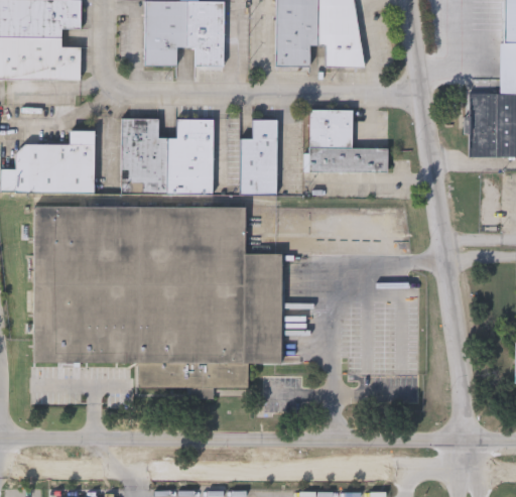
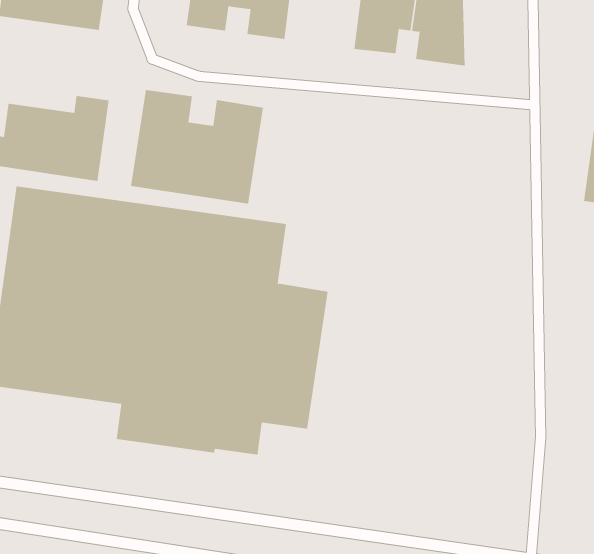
building: [309,110,388,172] -> none
building: [240,121,277,197] -> none

